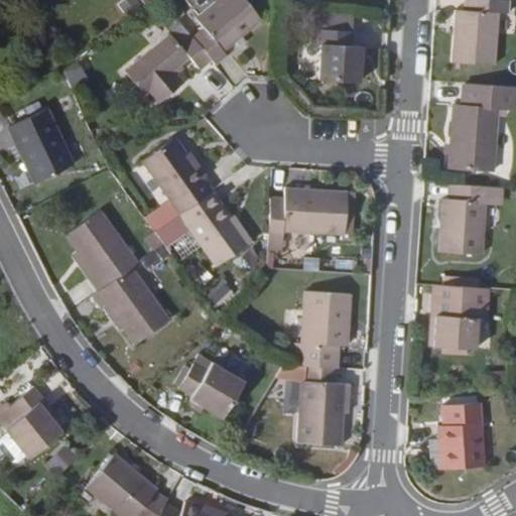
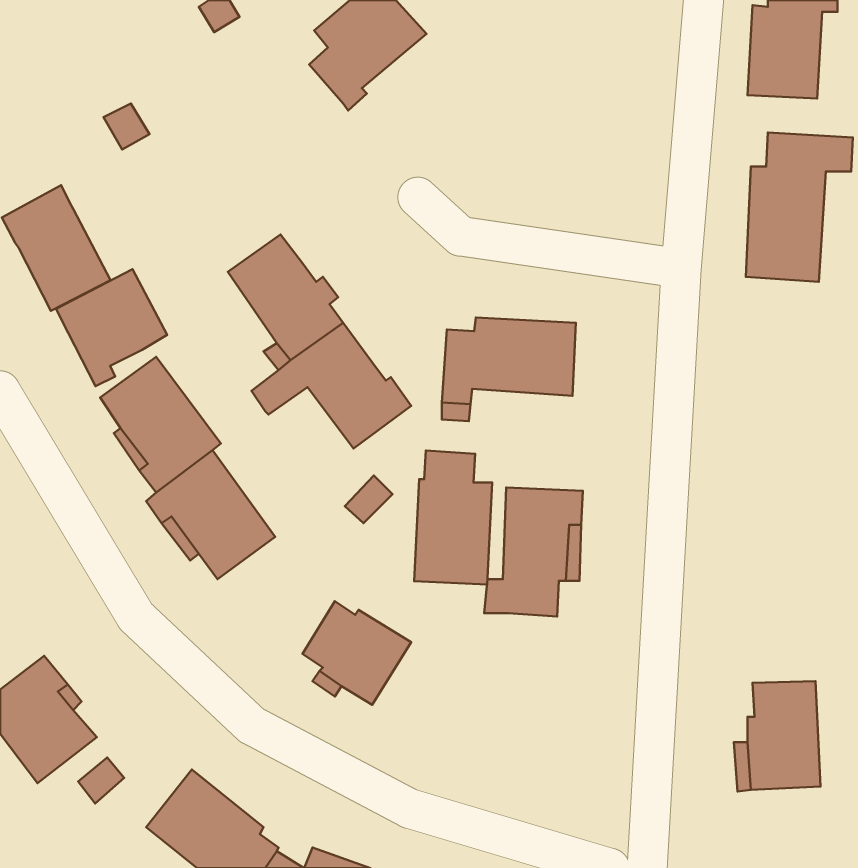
building: [318,14,361,81] -> none
building: [122,34,210,105] -> none
building: none -> [56,269,167,386]
building: [439,180,502,249] -> none
building: [433,281,490,345] -> none
building: [300,364,347,443] -> [414,450,492,585]

